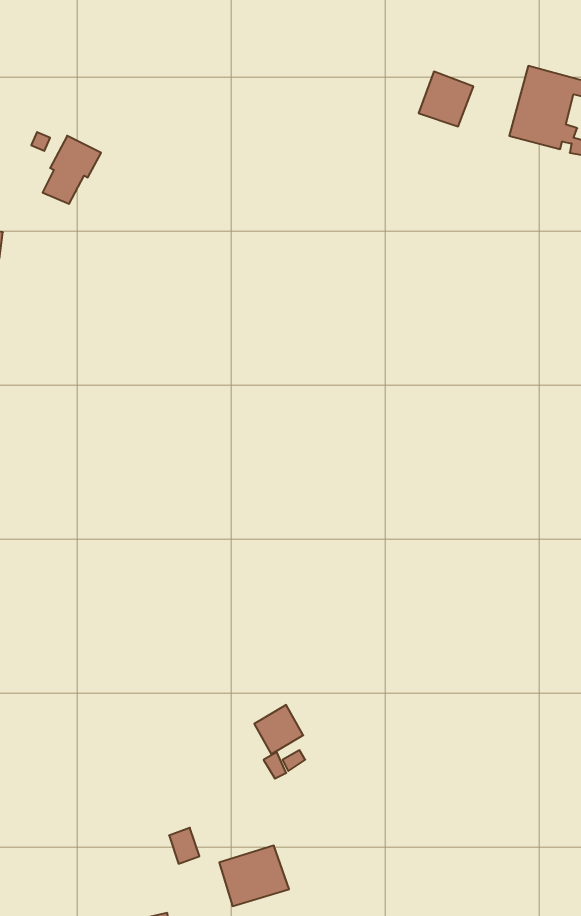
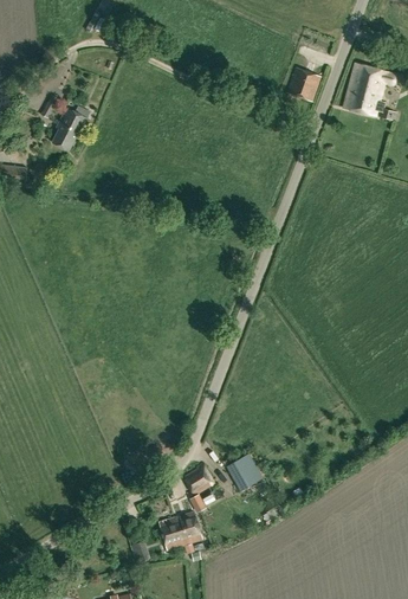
building: none -> [226,453,263,490]
building: [219,846,289,906] -> [158,511,202,549]

